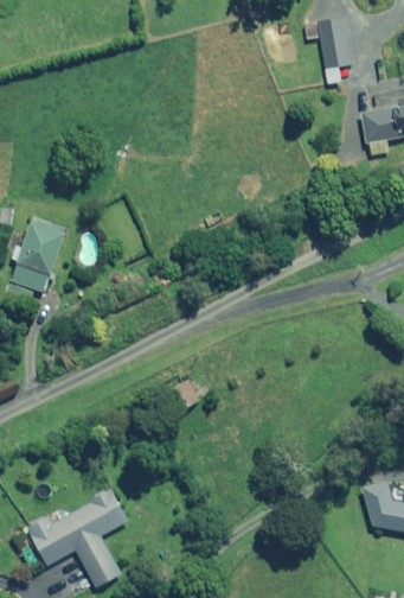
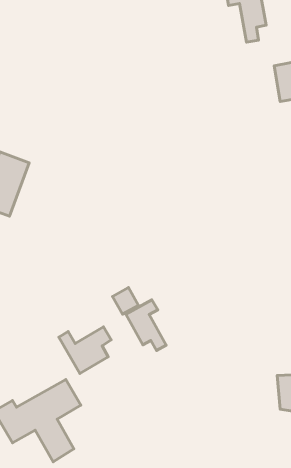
building: none -> [126,300,166,351]
building: none -> [59,327,111,373]

